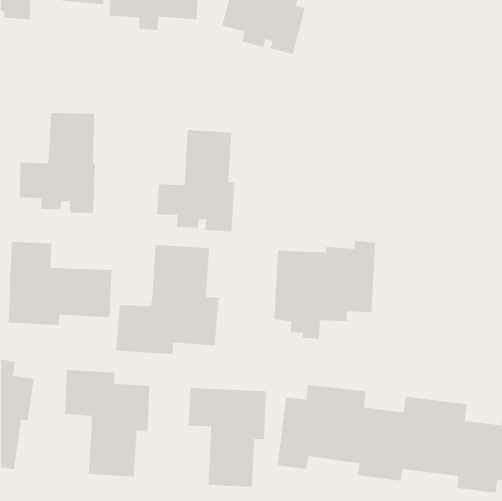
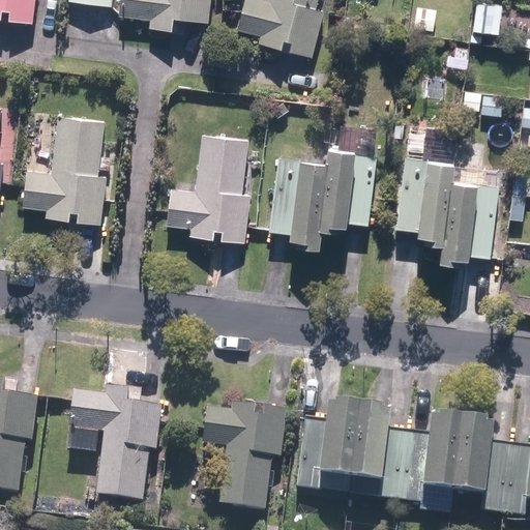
building: none -> [393,123,503,268]
building: [273,240,376,339] -> [268,146,376,249]
building: [8,241,112,326] -> none
building: [115,244,219,355] -> none

